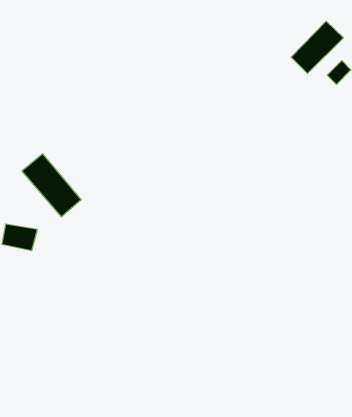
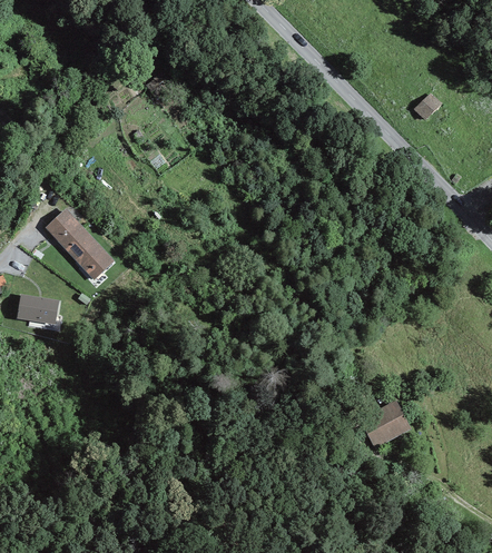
building: [291,21,343,74] -> none
building: none -> [364,402,412,451]

